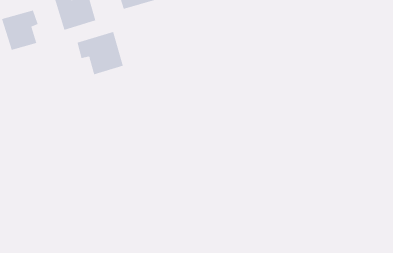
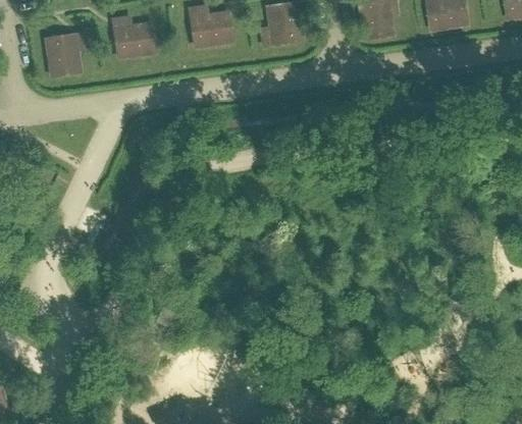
building: [77,31,123,75] -> none

